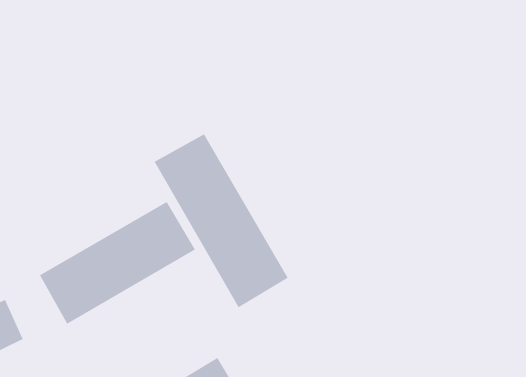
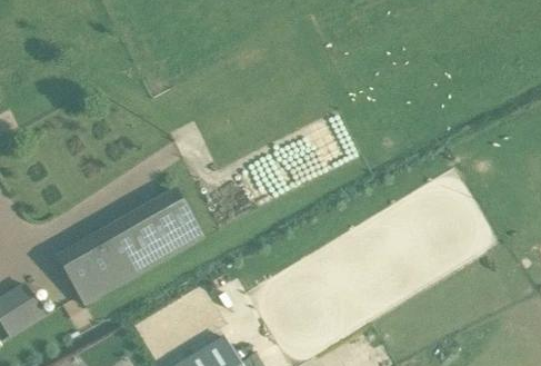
building: [154,133,289,308] -> none

